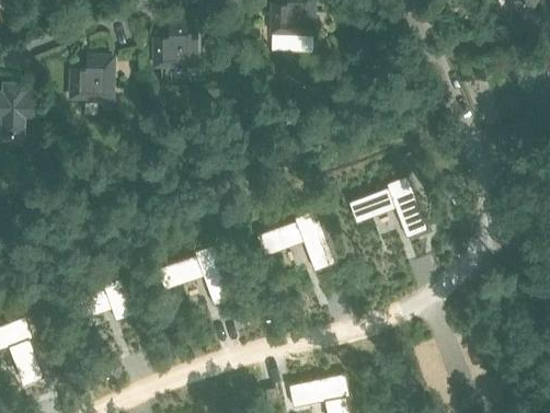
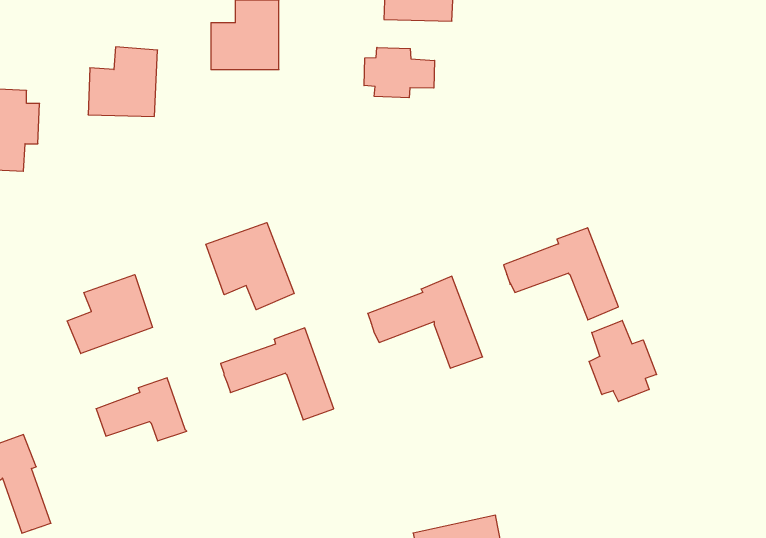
building: none -> [364,47,435,98]
building: none -> [206,223,294,310]
building: none -> [67,275,153,354]
building: none -> [589,320,657,402]

